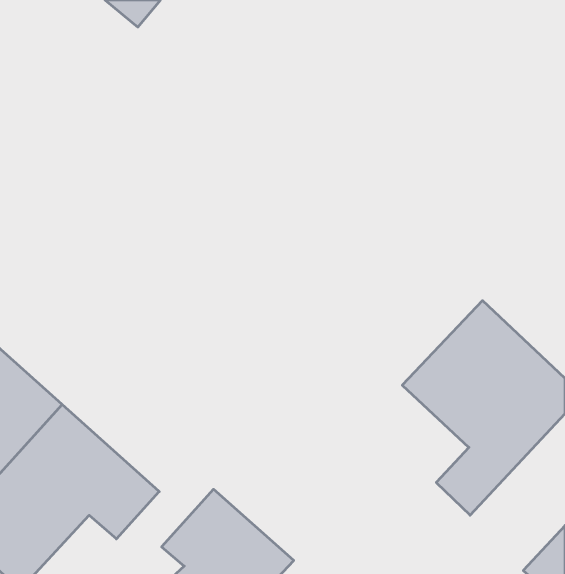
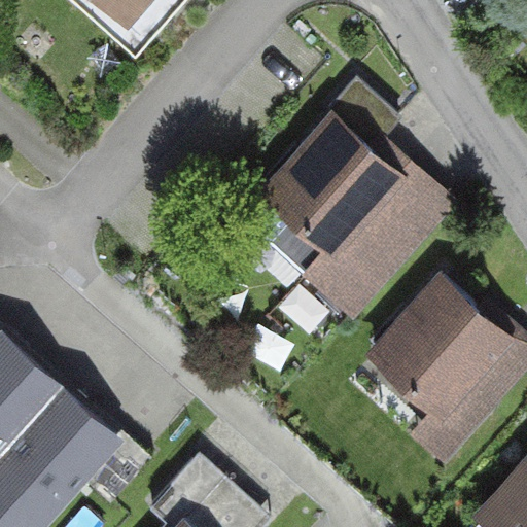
building: none -> [256,108,450,327]

